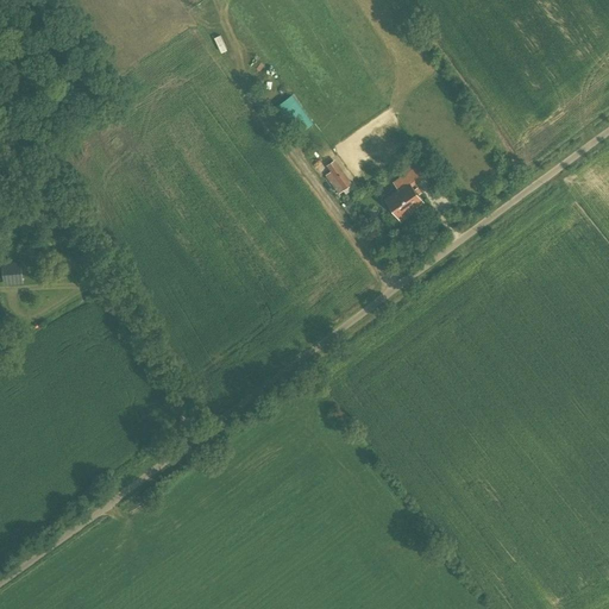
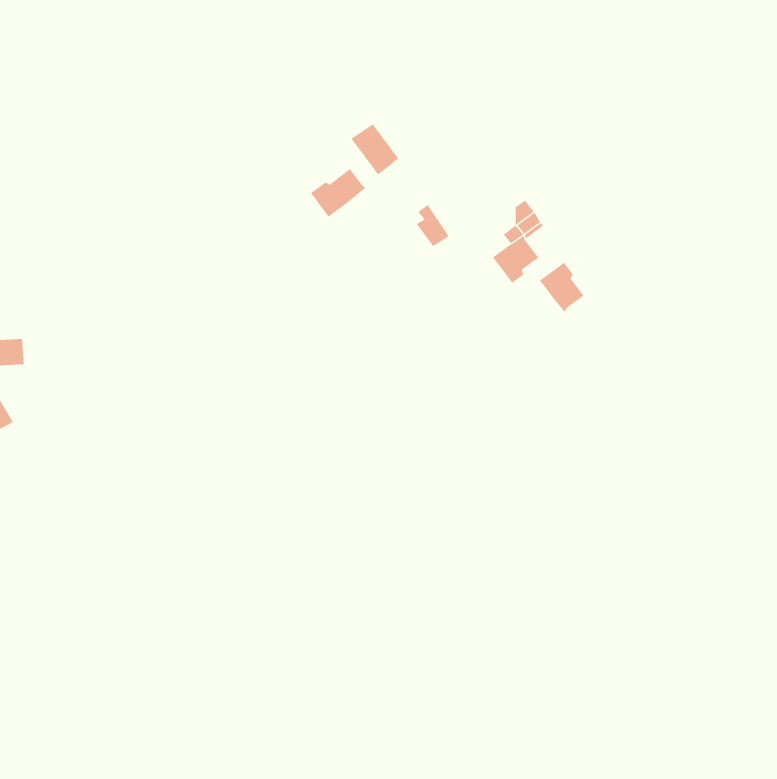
building: none -> [310,168,367,218]
building: none -> [539,262,584,313]

